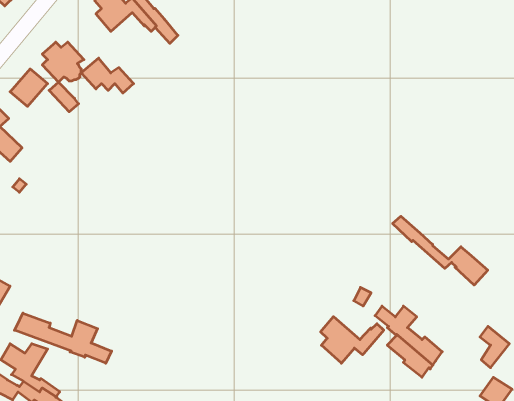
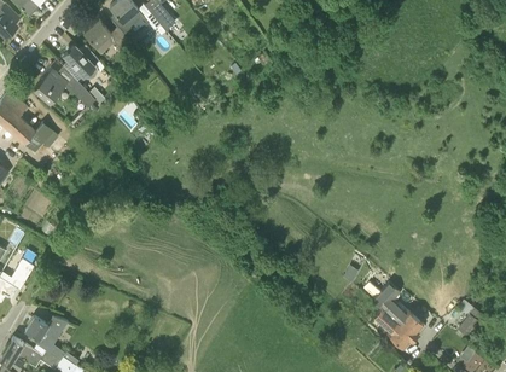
building: [81,58,134,93] -> [83,19,130,51]
building: [393,216,488,285] -> none
building: [14,313,112,363] -> none
building: [321,317,384,363] -> none

